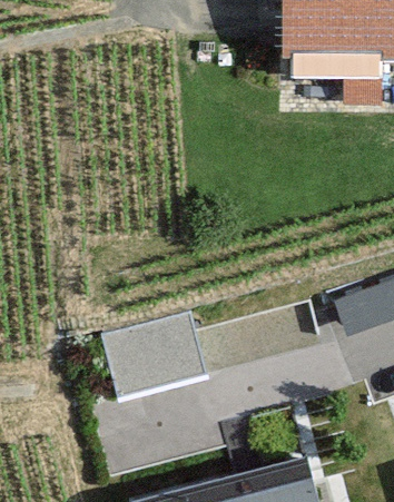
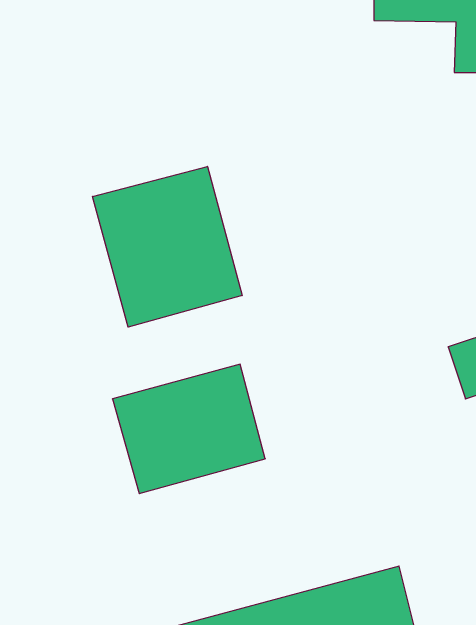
building: none -> [93,166,242,327]

